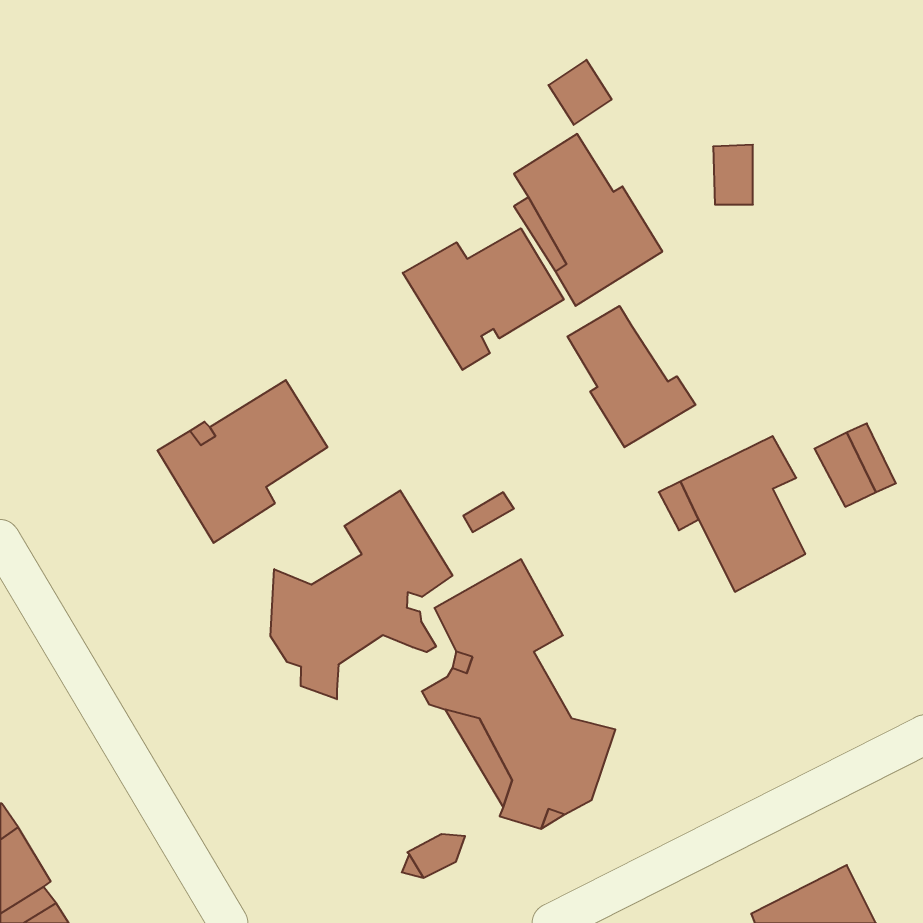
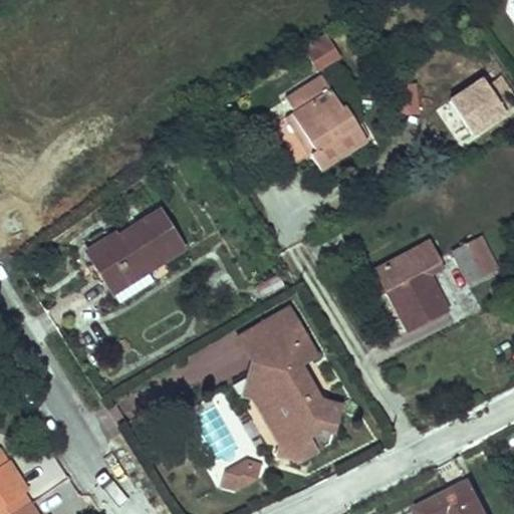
building: none -> [449,77,507,135]
building: [403,228,564,370] -> none
building: [567,306,695,447] -> none
building: [271,490,452,699] -> none

